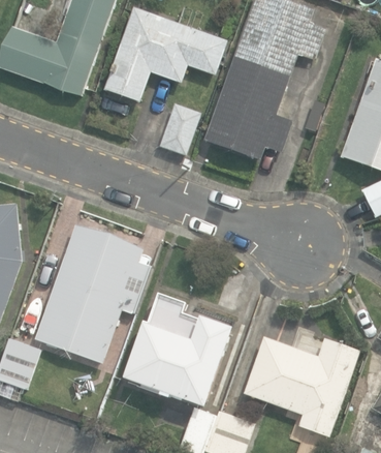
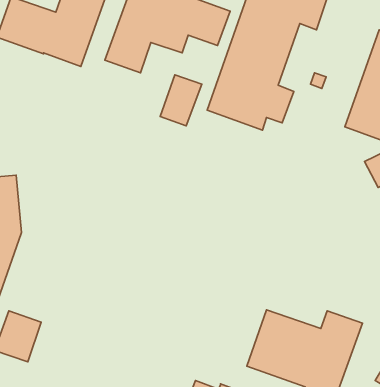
building: [35,224,151,363] -> none
building: [126,293,233,406] -> none

